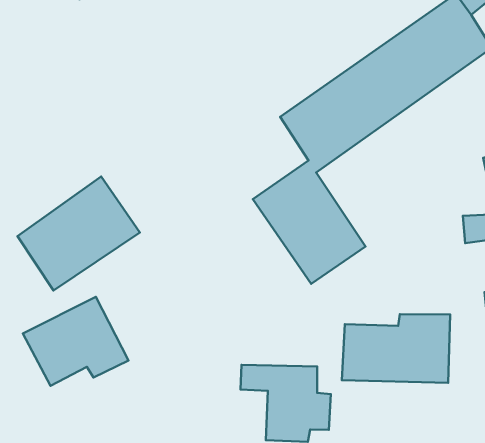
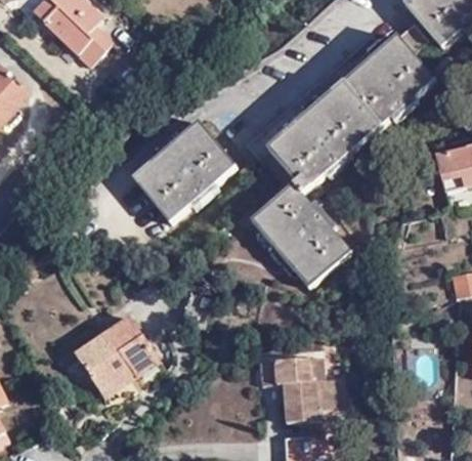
building: [17,177,140,290] -> [135,120,235,217]
building: [342,314,450,383] -> none

